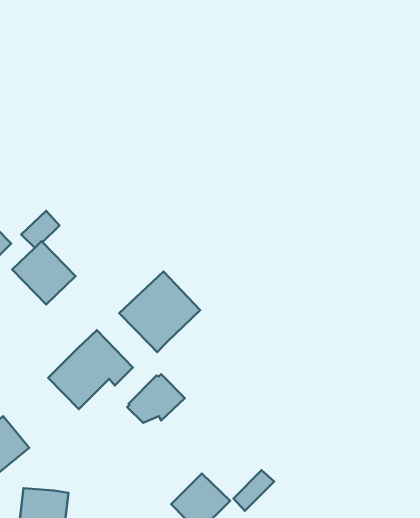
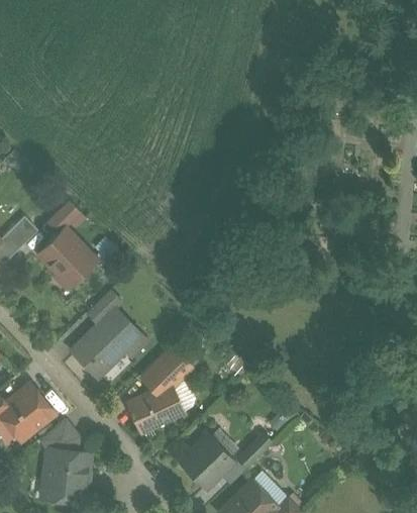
building: [119,271,200,352] -> none
building: none -> [86,290,121,324]
building: none -> [129,385,182,431]
building: none -> [40,420,78,451]

